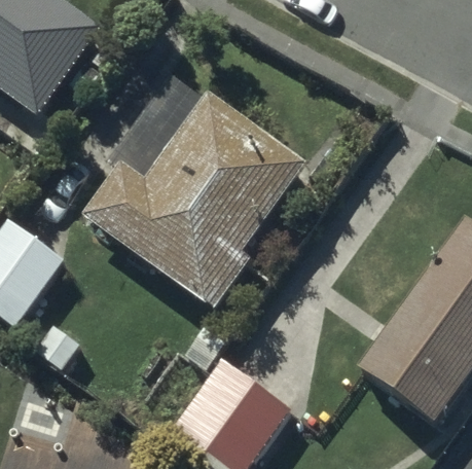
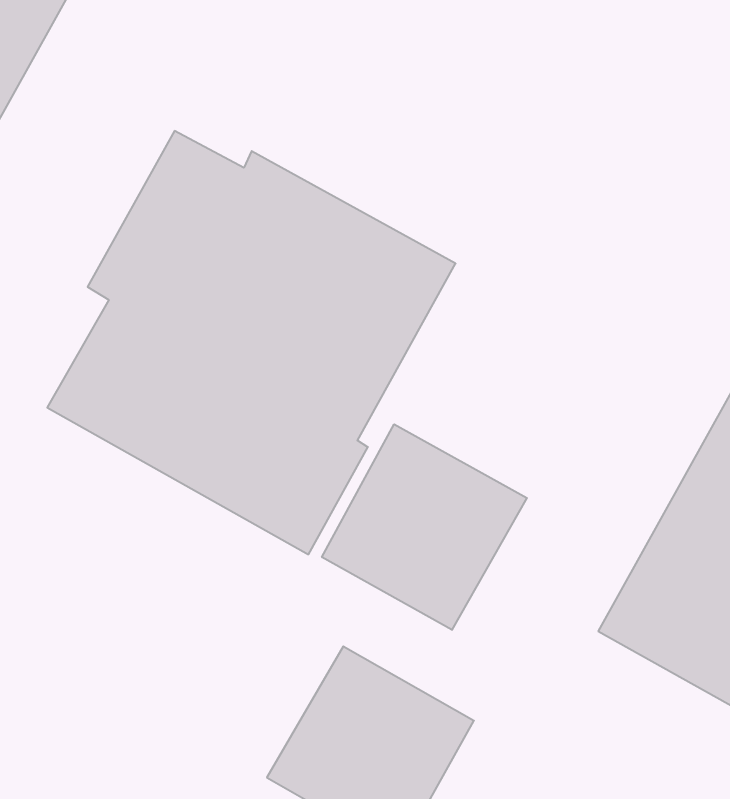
building: none -> [322,424,527,630]

